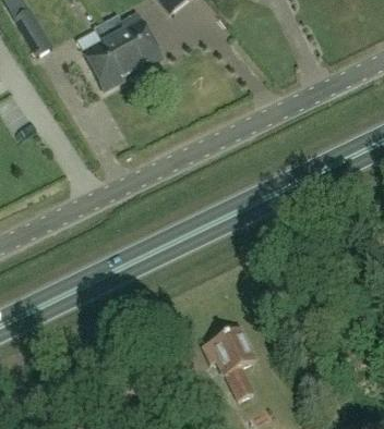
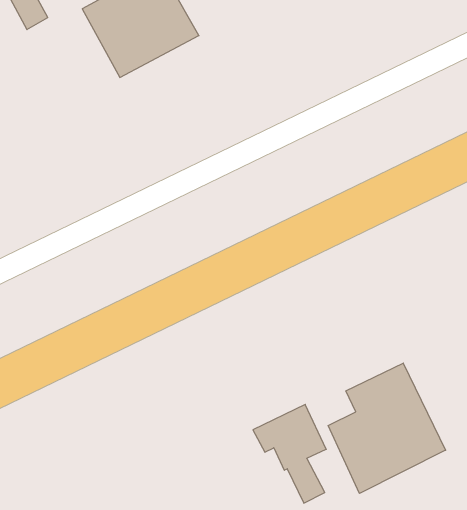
building: none -> [328,363,446,493]

